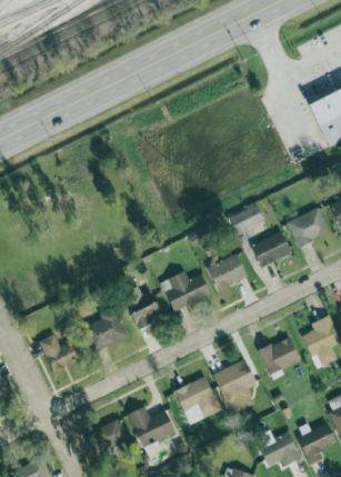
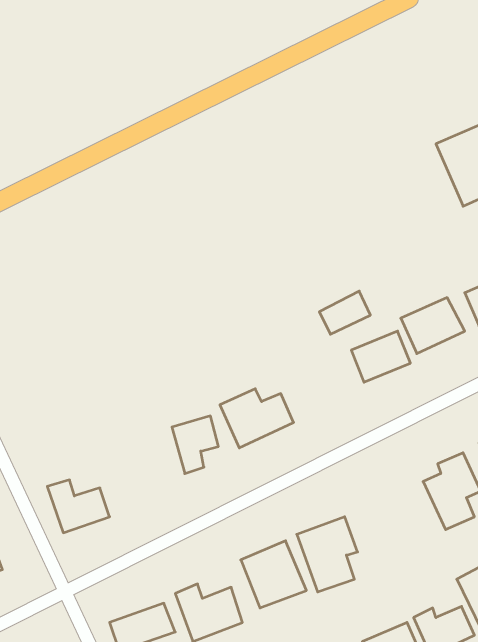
building: [208,254,247,290] -> none
building: [86,309,127,350] -> none
building: [258,338,300,375] -> none

